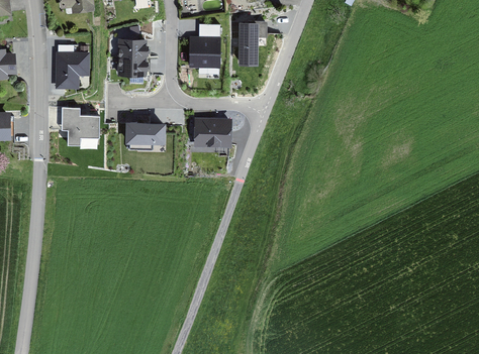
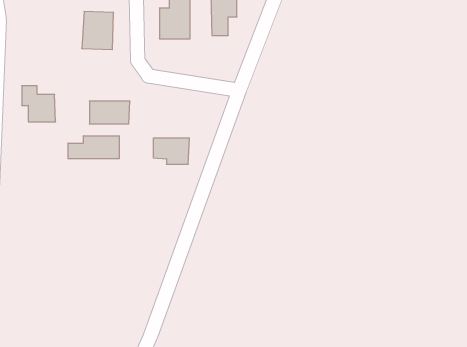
building: [56,52,85,86] -> none
building: [196,121,229,145] -> [153,138,189,164]
building: none -> [68,136,119,159]

